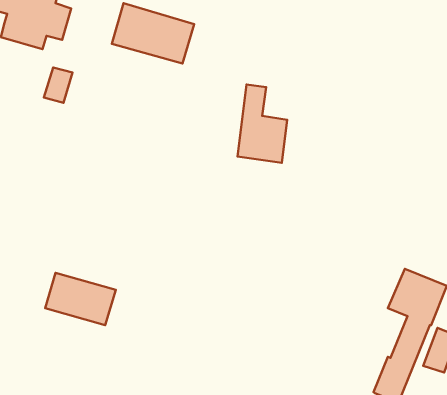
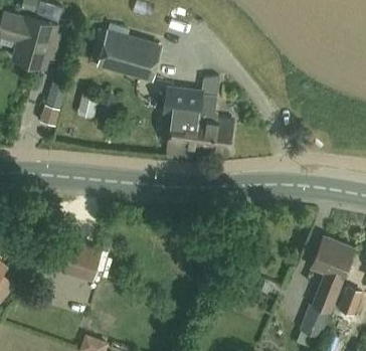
building: none -> [166,90,201,153]

